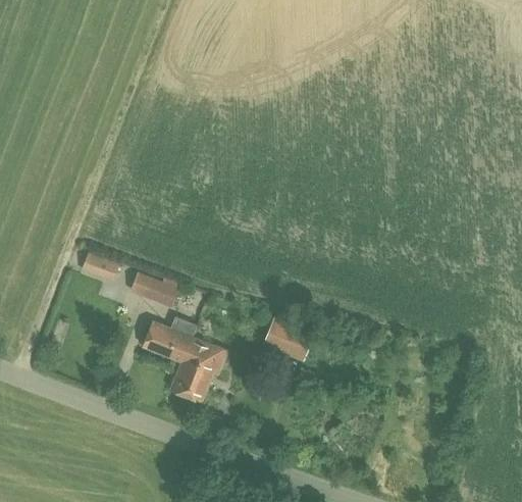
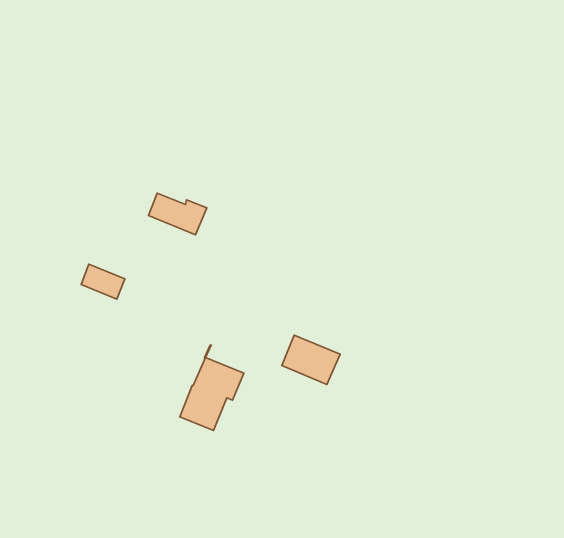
building: [128,270,181,308] -> [148,193,207,235]
building: [143,316,197,362] -> none

